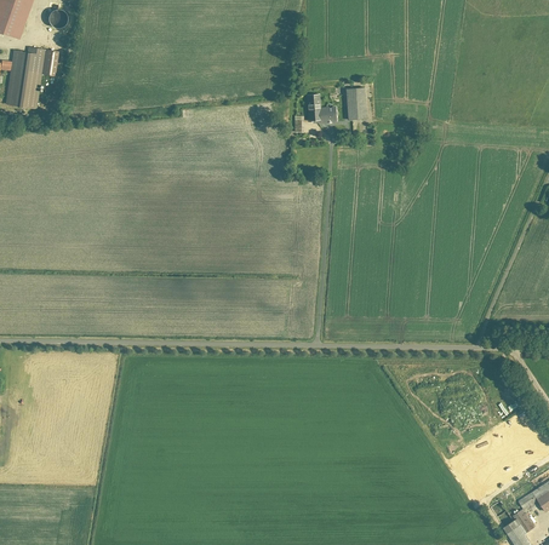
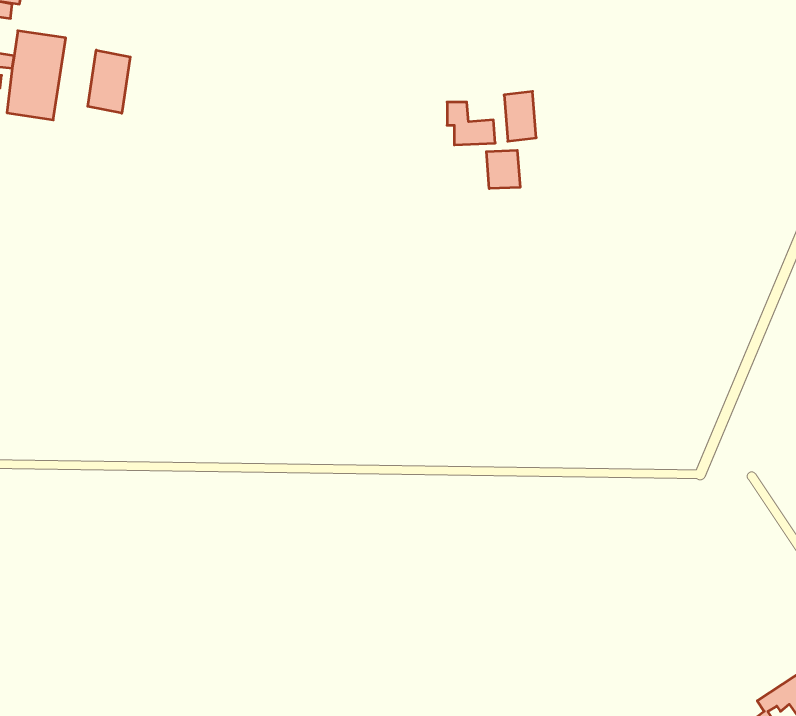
building: none -> [88,50,130,113]
building: none -> [486,150,520,189]

